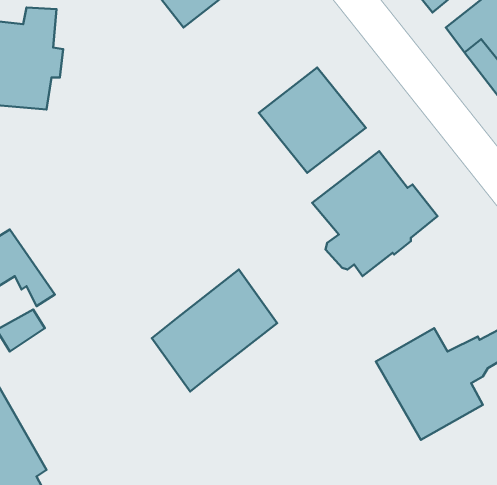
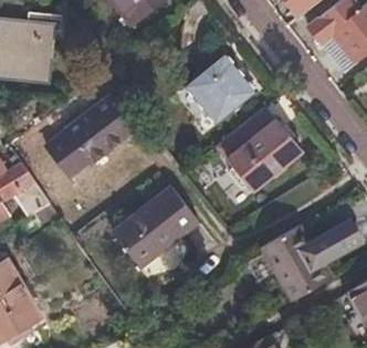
building: none -> [45,96,135,177]

